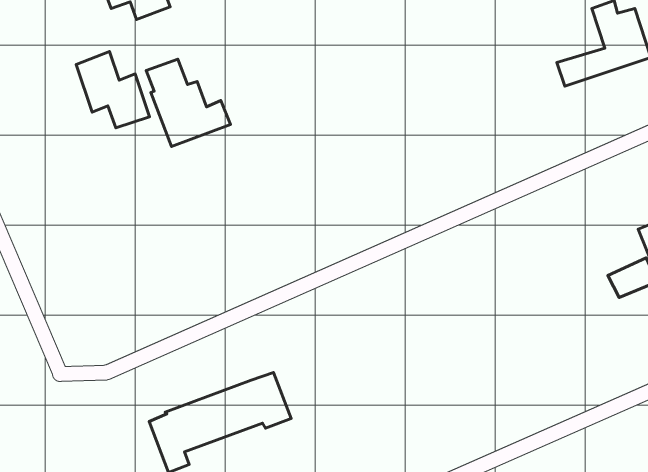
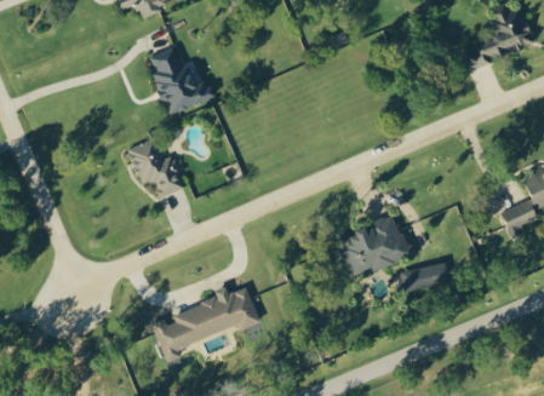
building: [76,52,149,128] -> [127,138,183,196]
building: none -> [337,213,411,275]
building: none -> [400,262,449,292]

